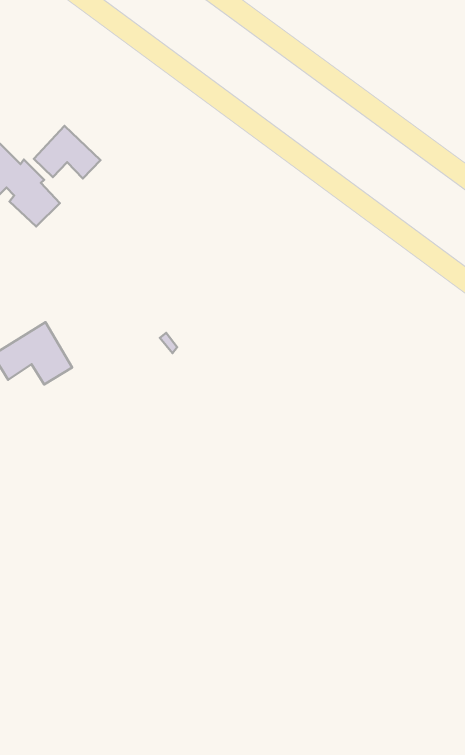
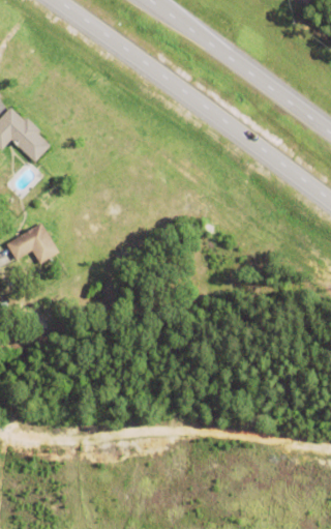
building: [34,126,100,178] -> none

